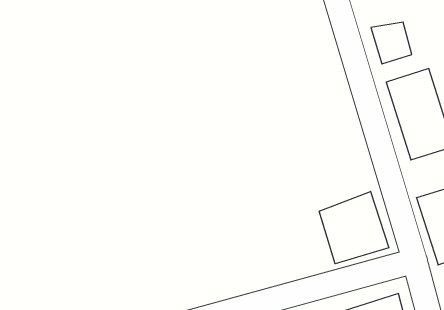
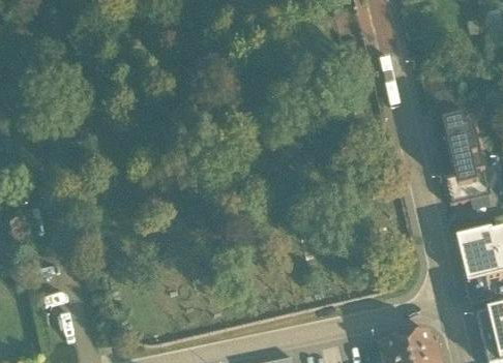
building: [319,191,389,264] -> none

